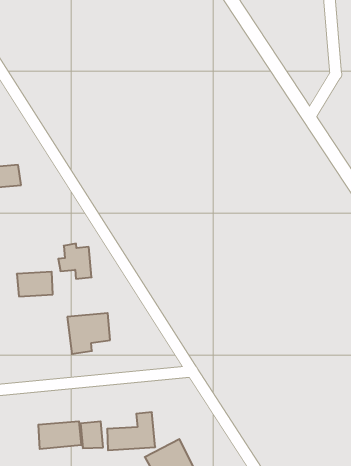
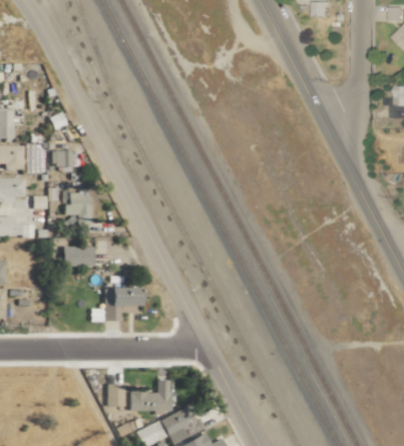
building: [58,244,92,279] -> [64,191,92,222]
building: [38,421,81,449] -> none

